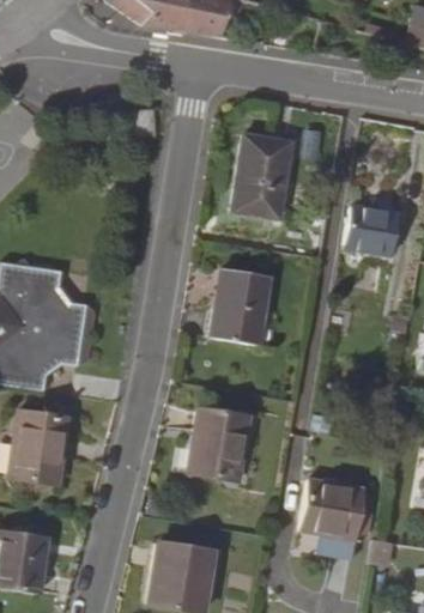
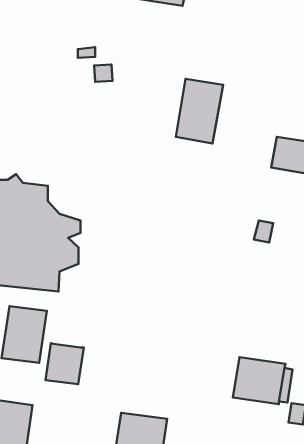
building: [210,265,267,336] -> none
building: [187,409,246,479] -> none
building: none -> [45,343,84,384]

